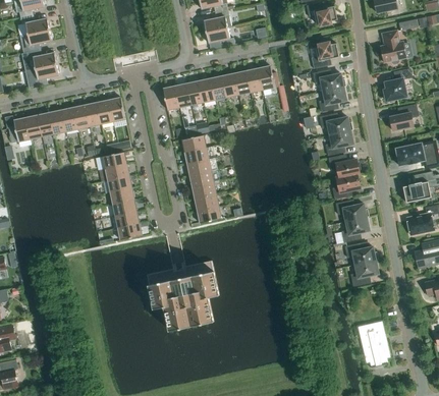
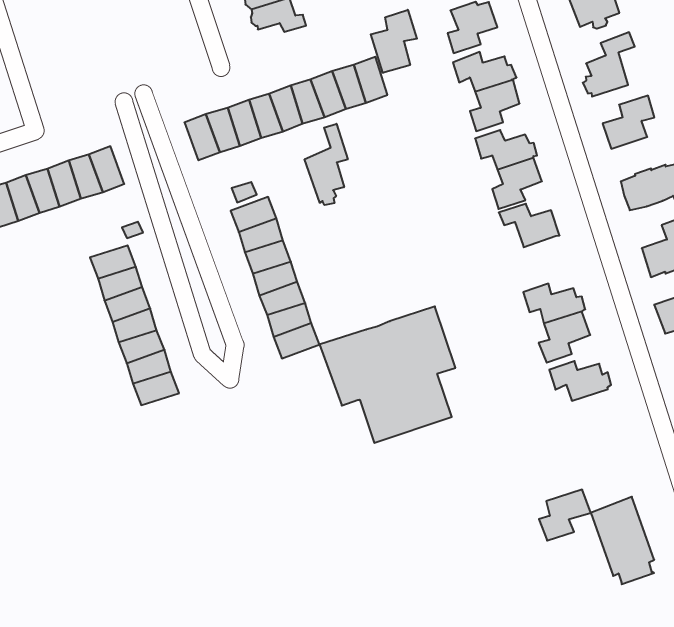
building: none -> [371,10,417,73]
building: none -> [305,124,348,205]
building: [331,174,360,199] -> none
building: [146,261,218,331] -> [320,306,455,443]
building: [349,261,378,286] -> [539,490,591,541]

